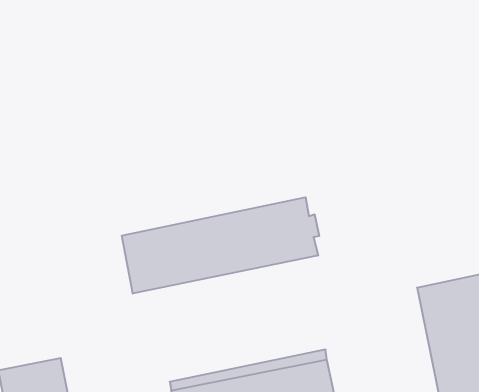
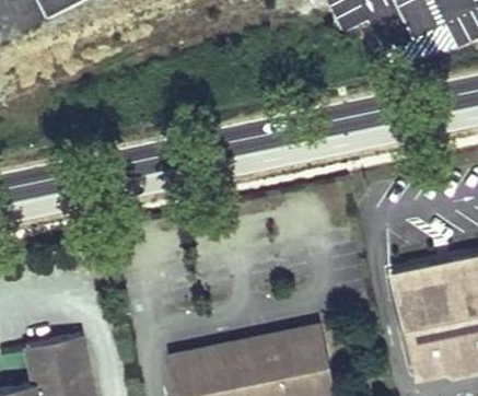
building: [122,197,319,294] -> none

